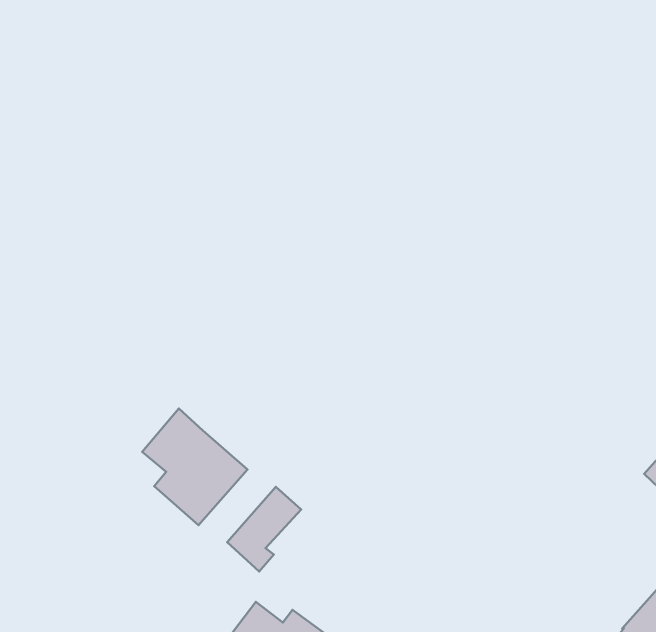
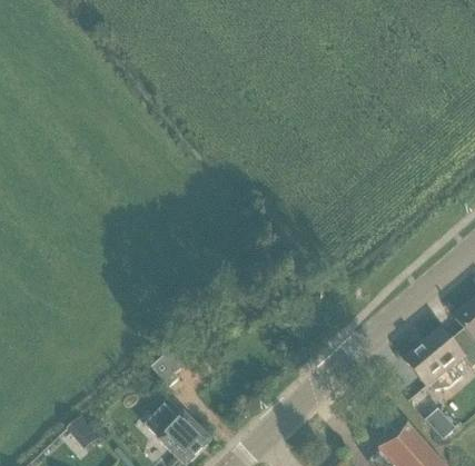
building: [142,409,247,525] -> none

